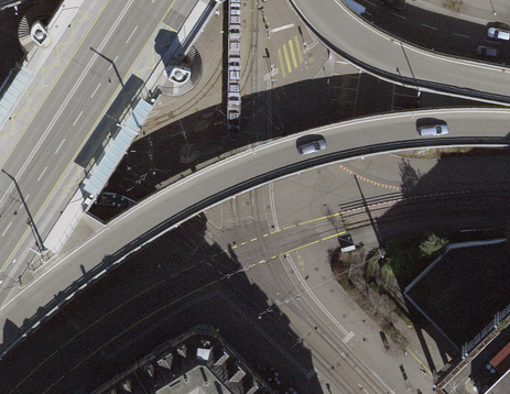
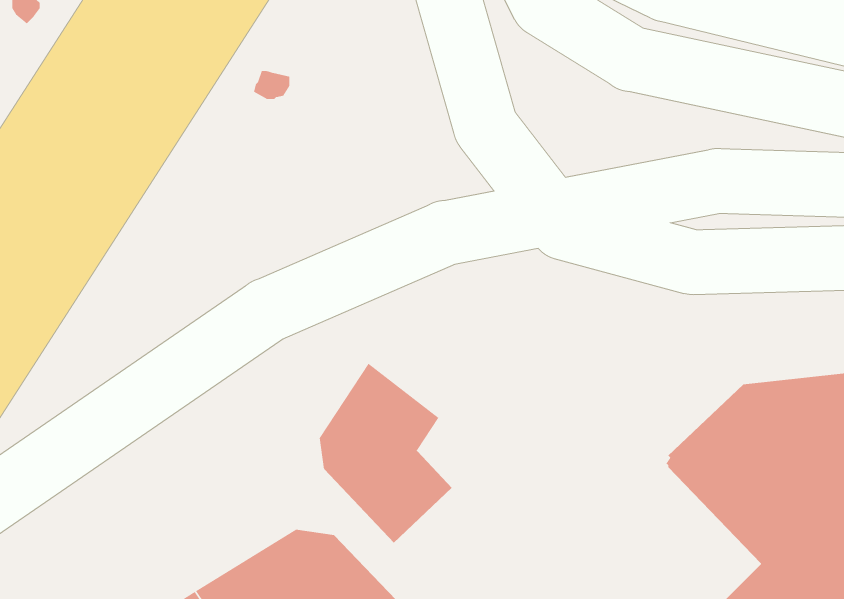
building: none -> [319,363,453,544]

